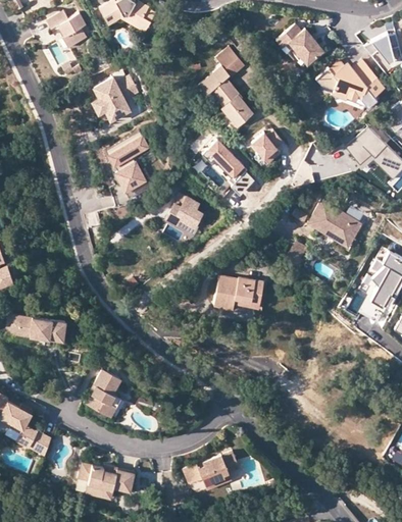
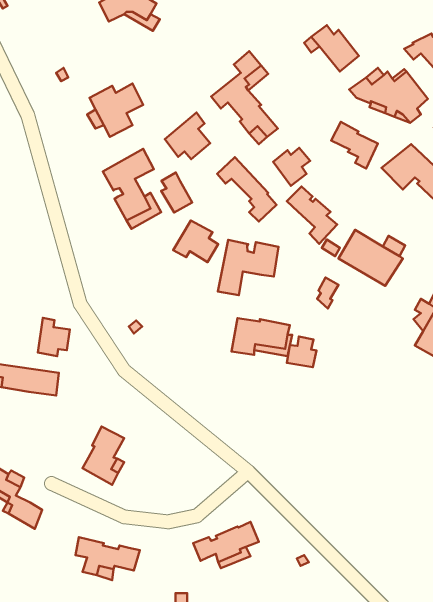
building: [48,10,89,47] -> none
building: none -> [165,113,210,159]
building: none -> [331,122,378,169]
building: none -> [161,173,192,213]
building: none -> [287,186,337,244]
building: none -> [218,240,278,295]
building: none -> [38,318,70,356]
building: none -> [287,337,316,367]

